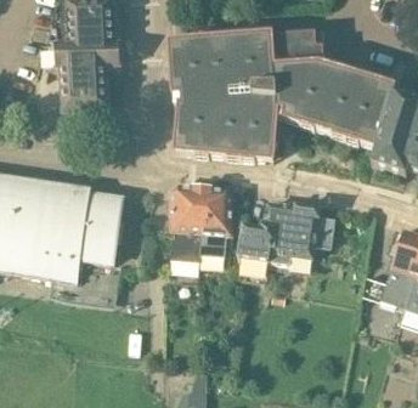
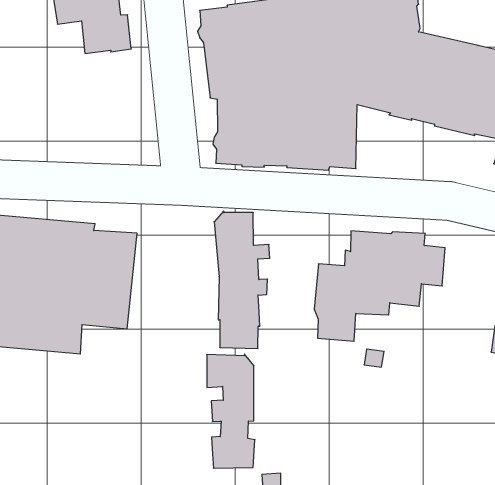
building: [55,44,108,112] -> none
building: [198,186,232,267] -> [207,354,255,468]

